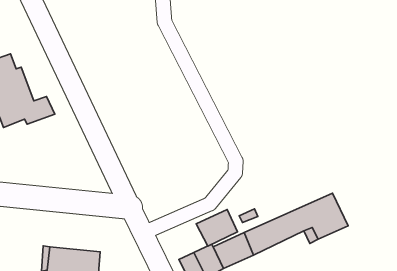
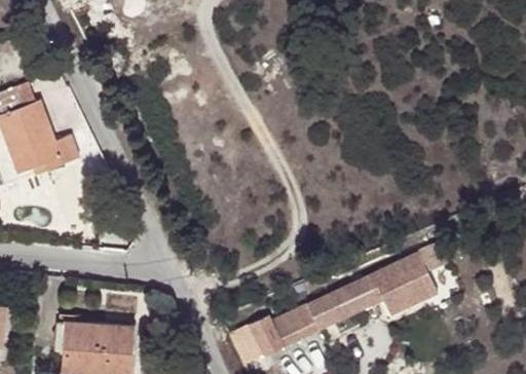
building: [196,209,238,246] -> none

